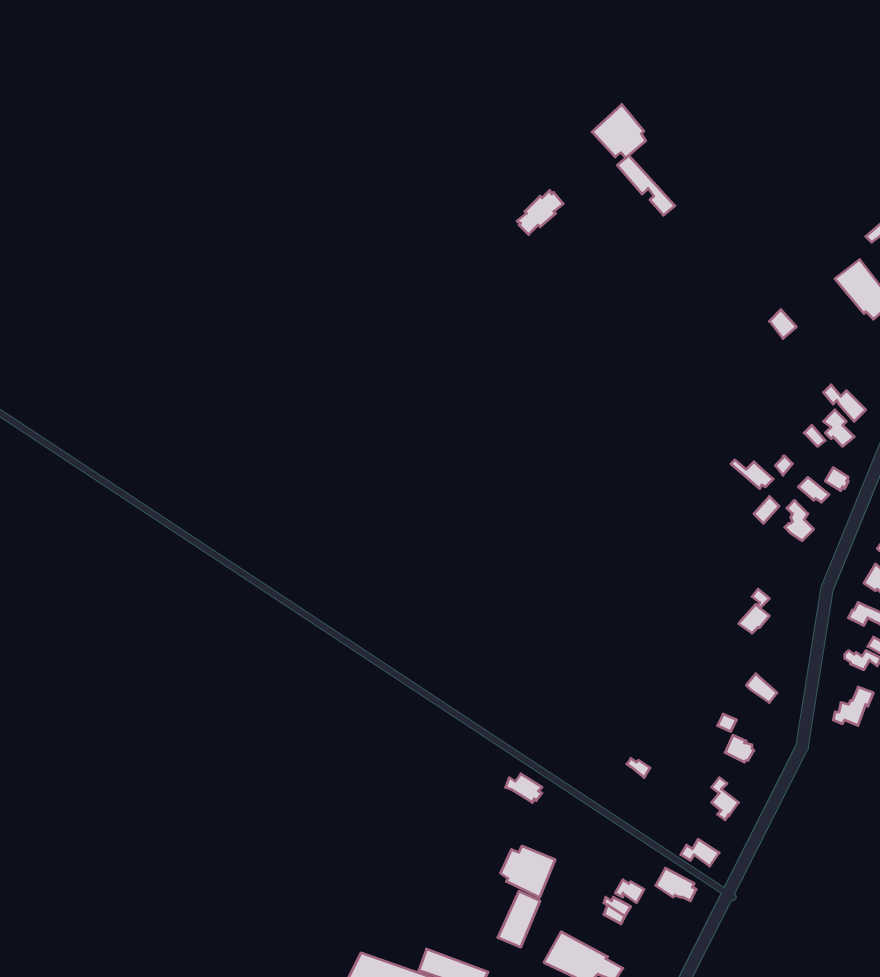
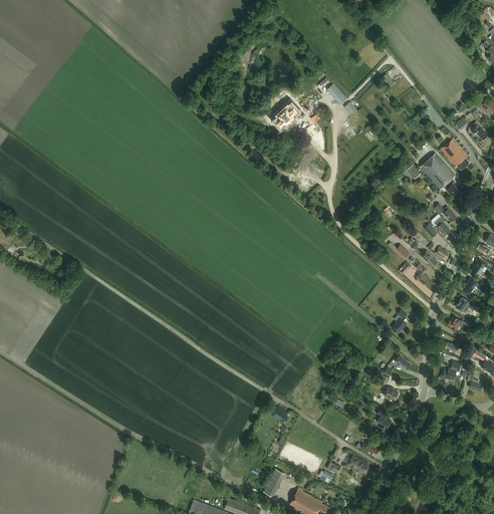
building: [592,104,646,158] -> none
building: none -> [420,154,458,196]
building: [501,846,555,897] -> none

